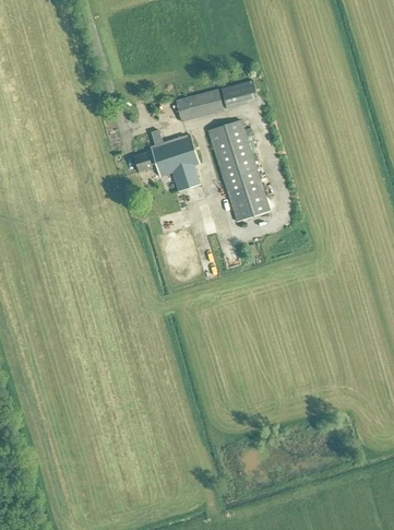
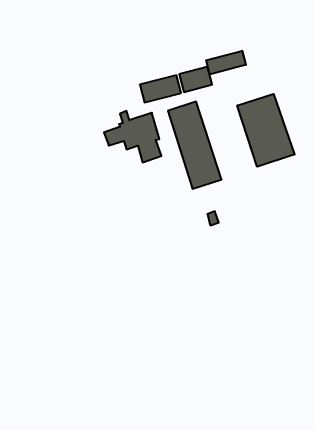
building: none -> [206,51,246,75]
building: none -> [237,94,295,167]

